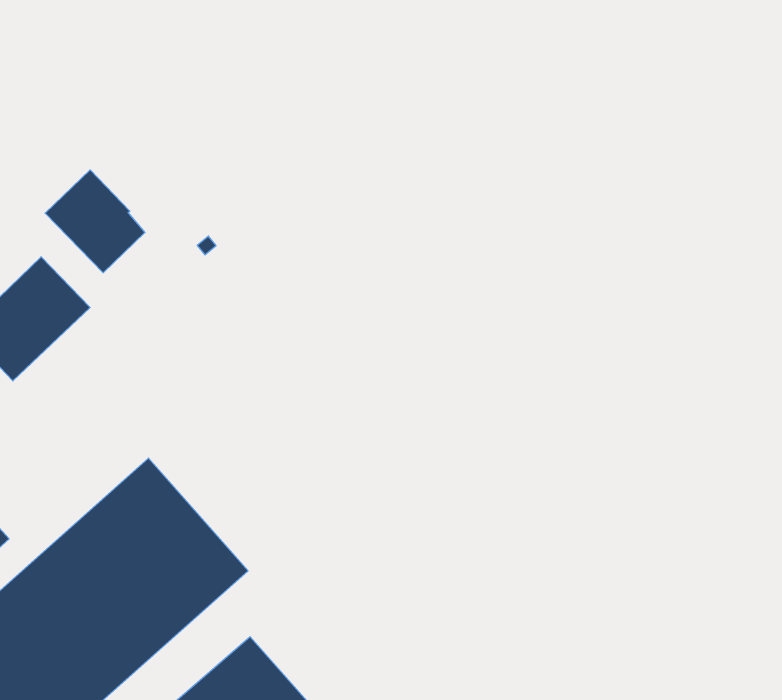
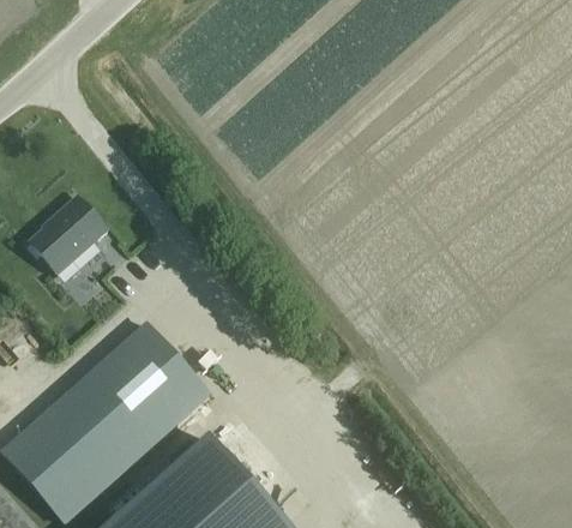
building: [45,170,145,273] -> none

